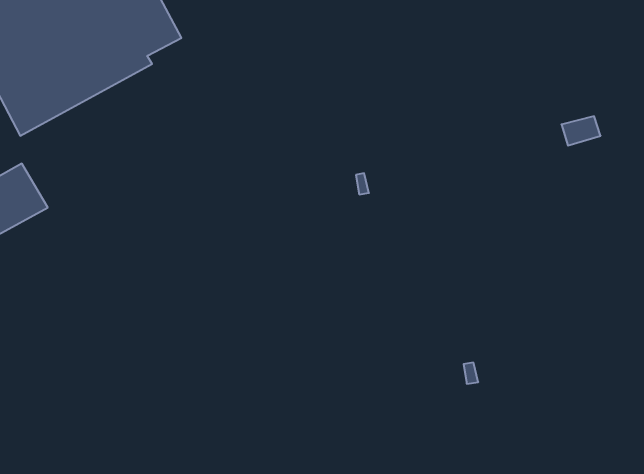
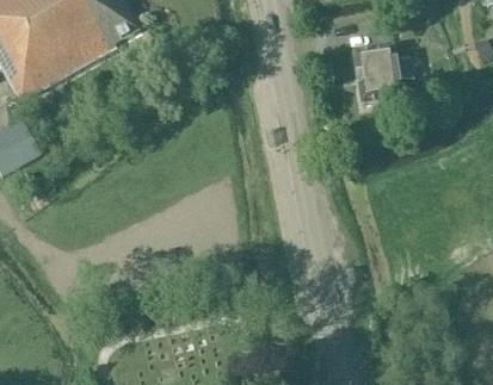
building: none -> [350,46,409,105]

